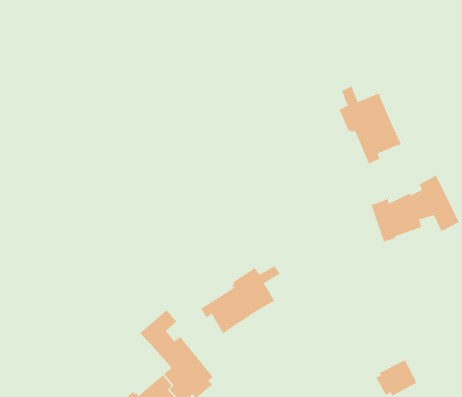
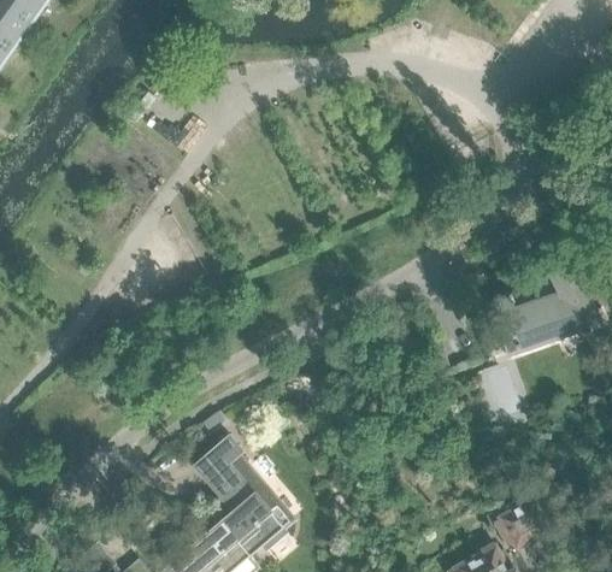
building: [338,85,403,164] -> none
building: [200,265,281,335] -> none

